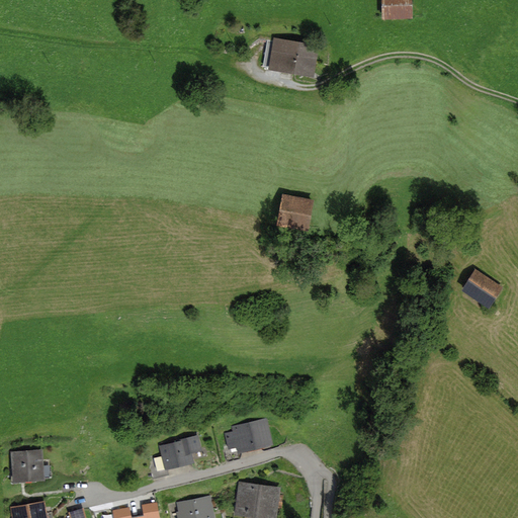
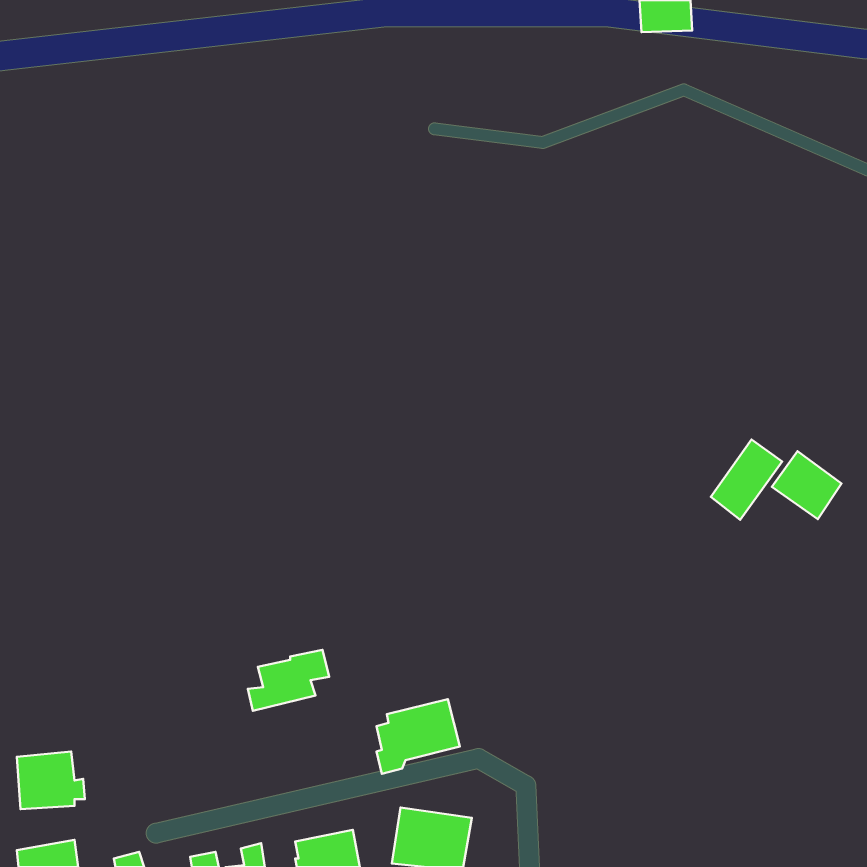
building: [263,37,318,77] -> none
building: [277,194,315,232] -> none
building: none -> [711,439,782,520]
building: [154,435,202,471] -> [248,650,329,711]

